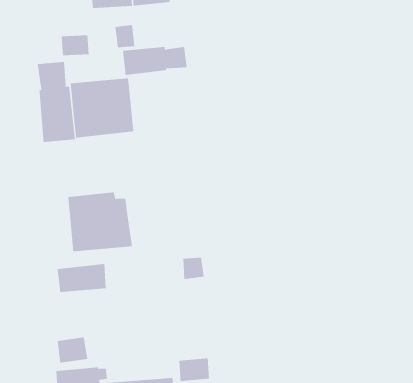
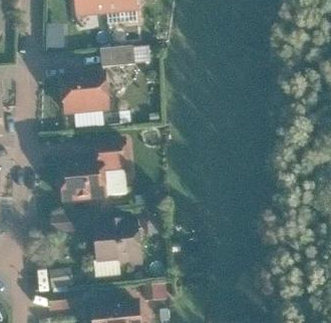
building: [37,61,75,143] -> none
building: none -> [92,136,128,171]
building: none -> [92,217,141,267]

